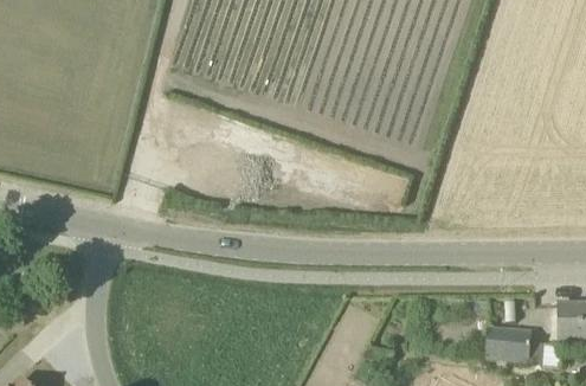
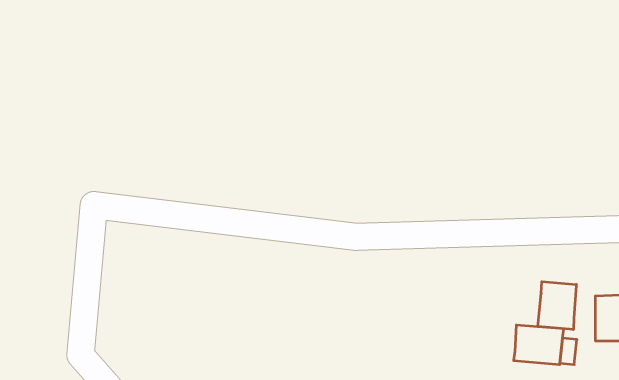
building: none -> [538,282,576,330]

